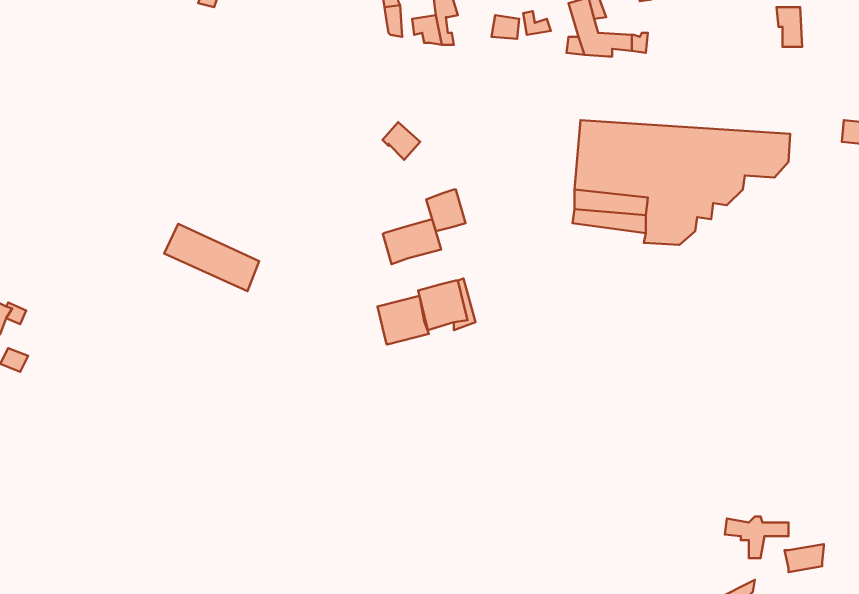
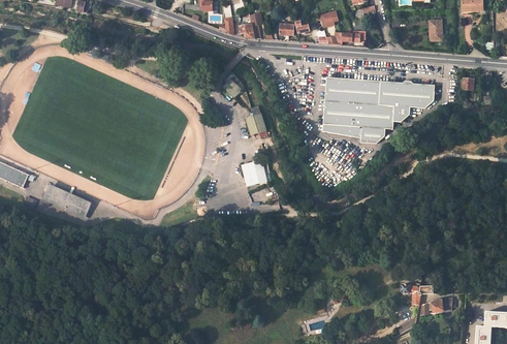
building: [383,219,441,264] -> none
building: [164,224,259,291] -> [40,183,90,218]
building: [378,296,429,344] -> none

